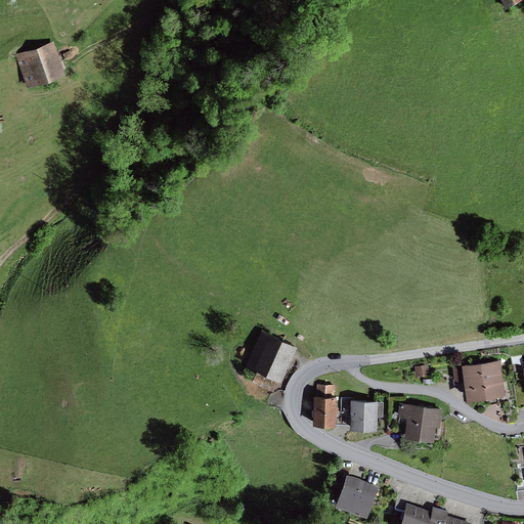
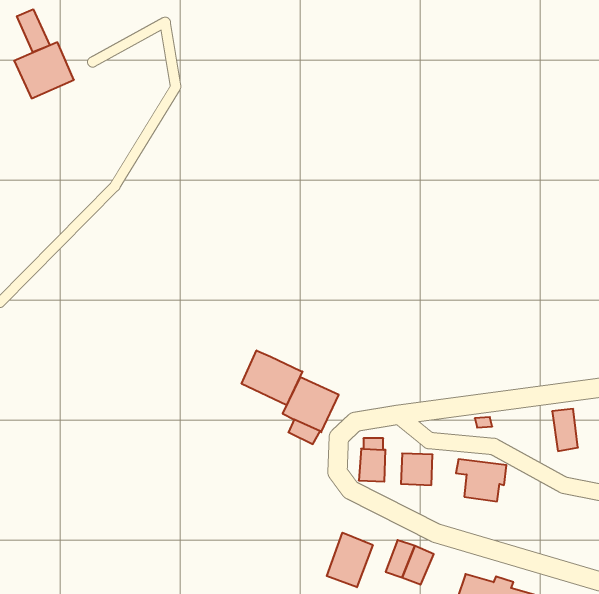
building: none -> [17,9,50,52]
building: none -> [242,350,302,405]
building: [451,363,487,400] -> none
building: none -> [327,533,373,587]

